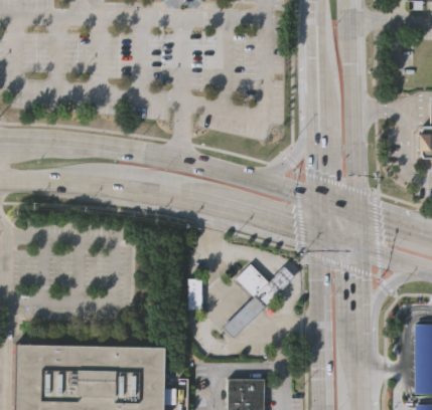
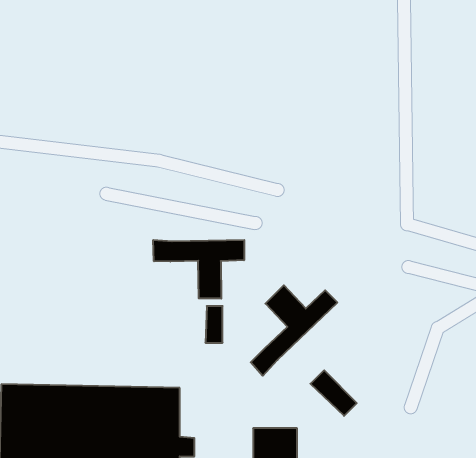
building: none -> [153,240,244,299]
building: none -> [310,370,357,416]

